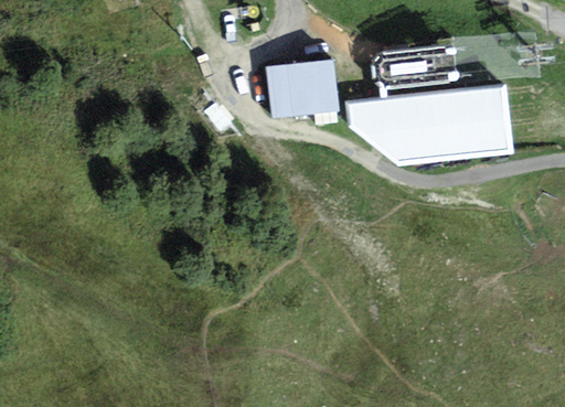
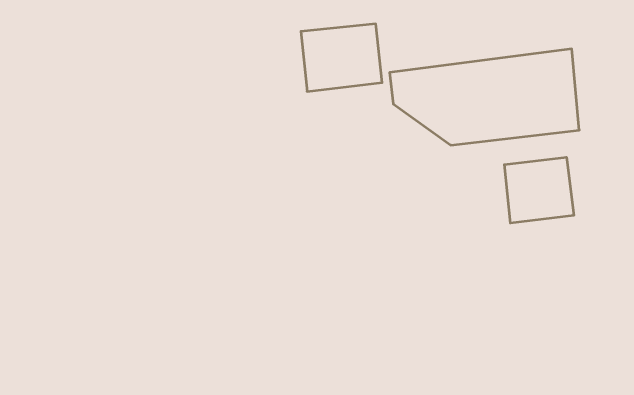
building: none -> [504,157,574,223]

